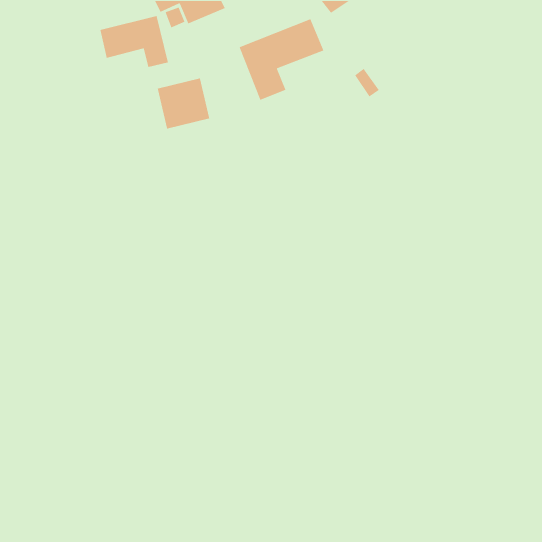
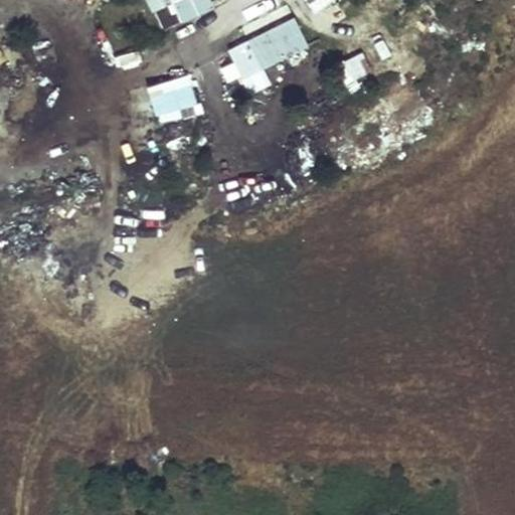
building: [100,15,169,68] -> none

